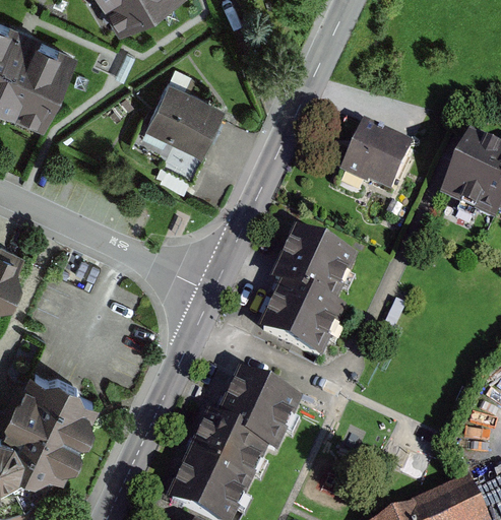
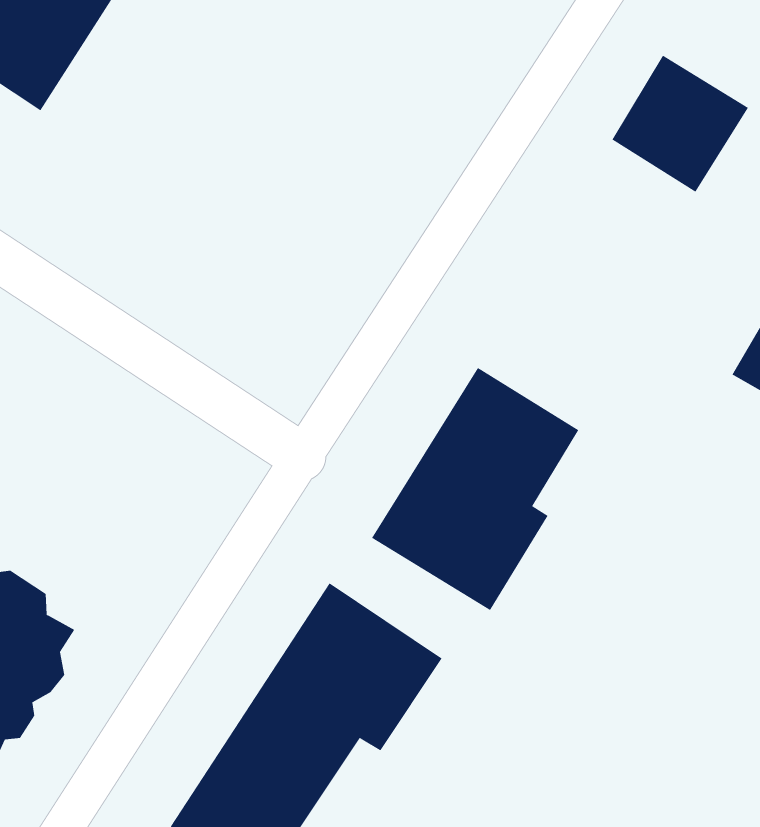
building: [139,68,226,158] -> none
building: [339,122,412,194] -> [611,55,749,192]

